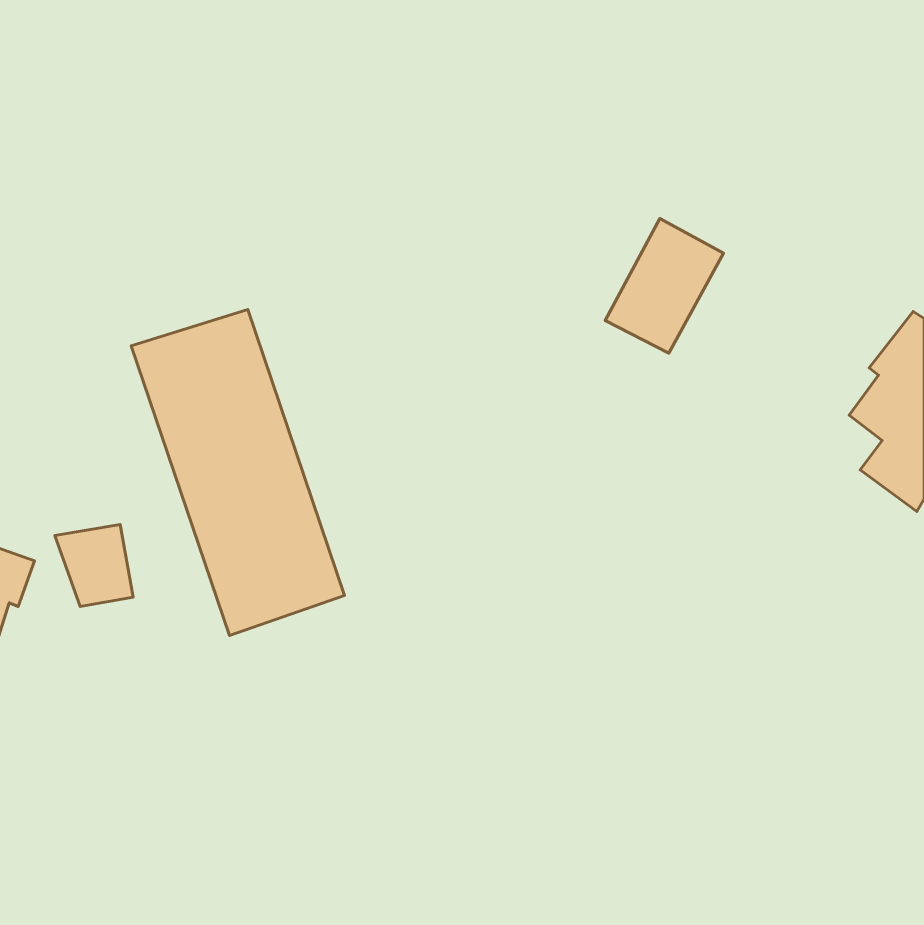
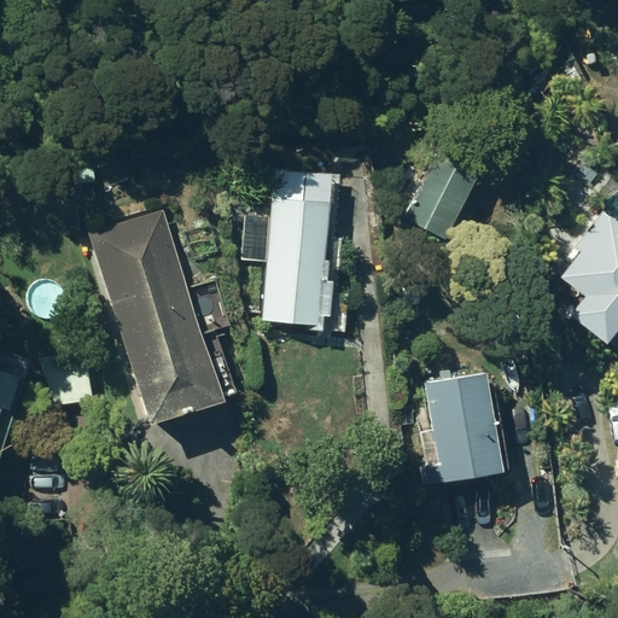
building: none -> [263,198,337,331]
building: none -> [412,371,509,489]

